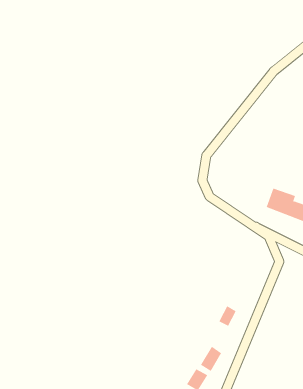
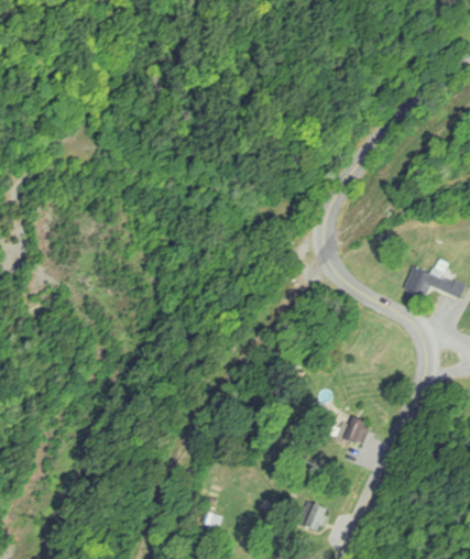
building: [200,346,222,372] -> none

